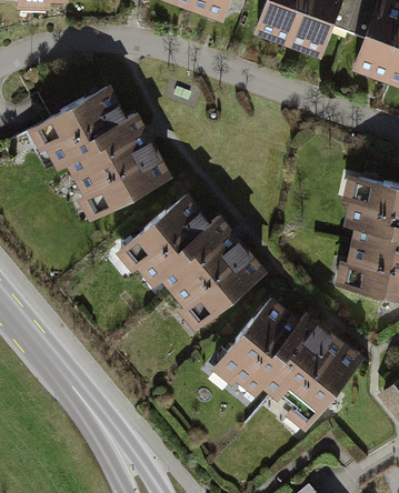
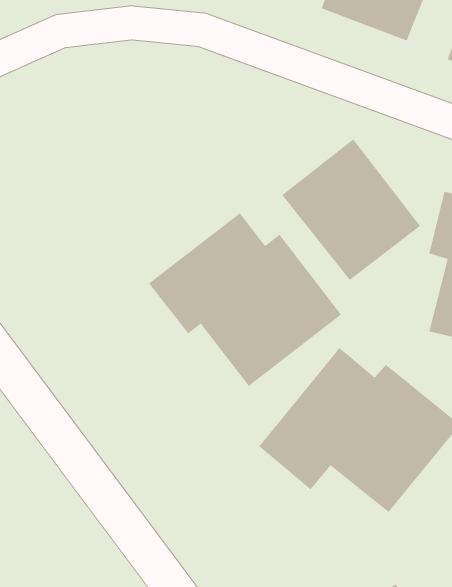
building: [28,87,174,217] -> none
building: none -> [281,138,421,281]

